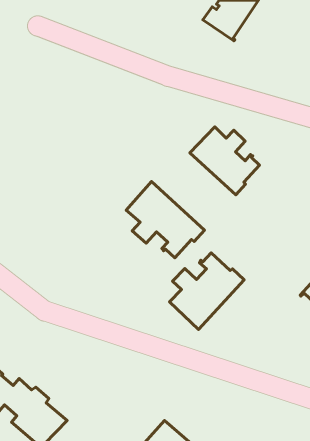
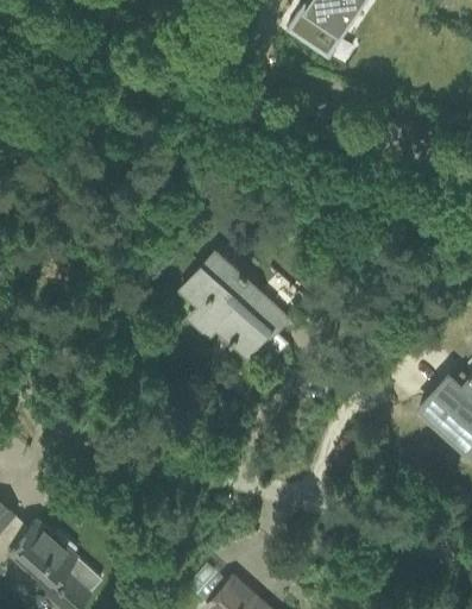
building: [190,127,260,195] -> none
building: [169,253,244,330] -> none

